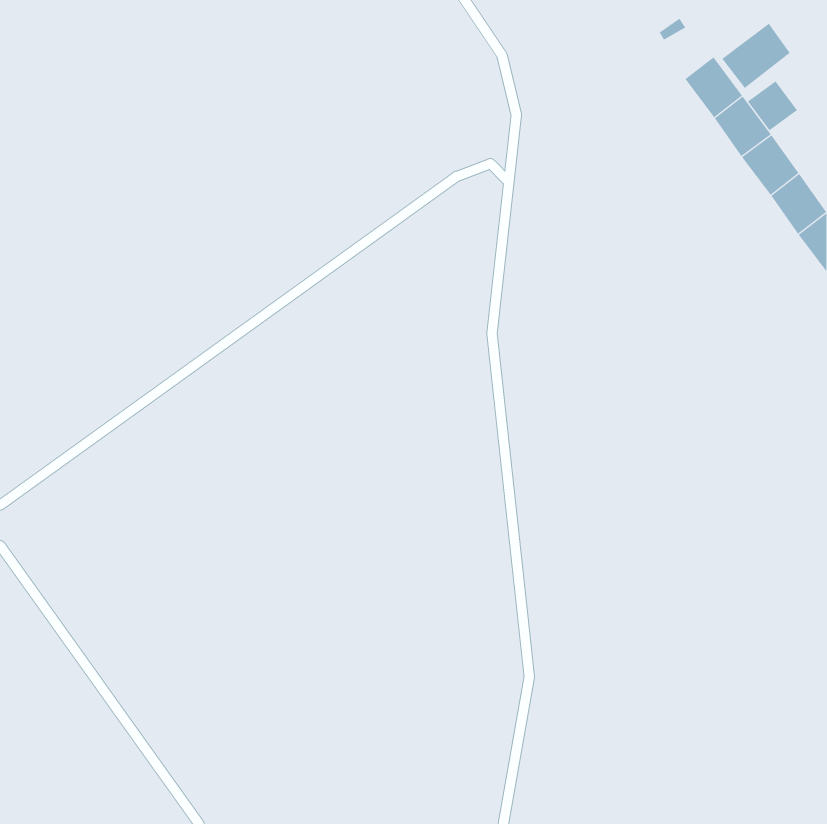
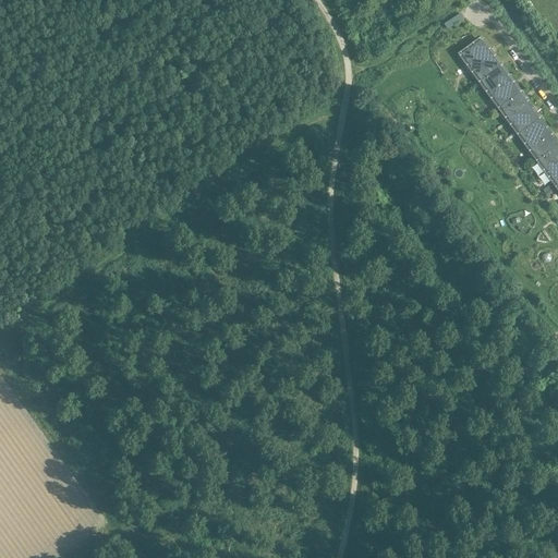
building: [721,23,790,89] -> none
building: [747,81,798,131] -> none

